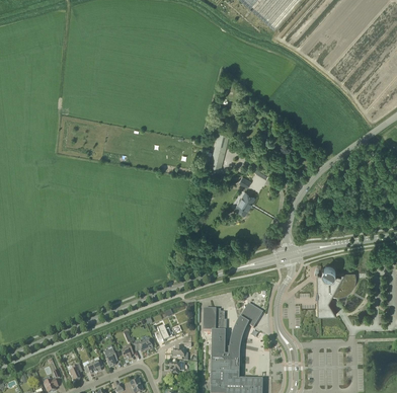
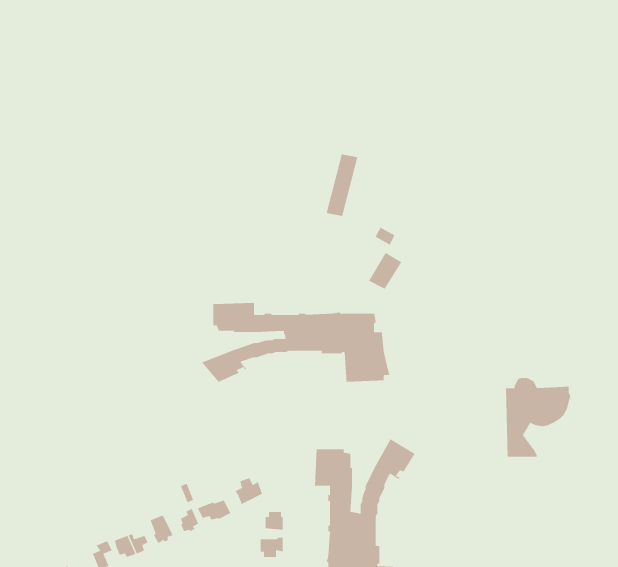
building: none -> [201,302,390,382]

